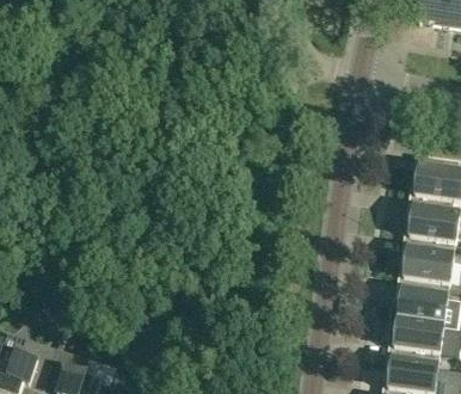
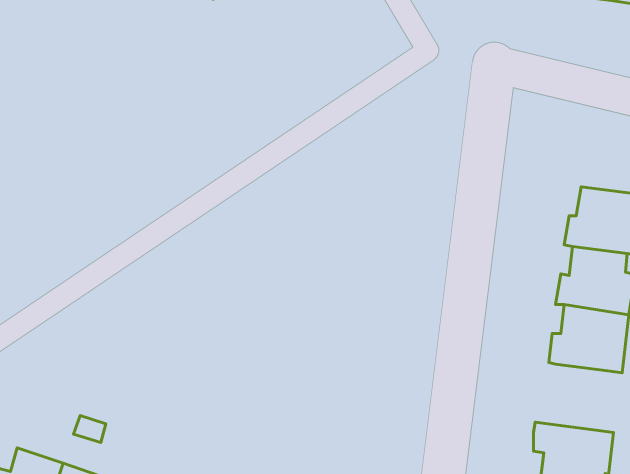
building: [389,278,449,326] -> none

